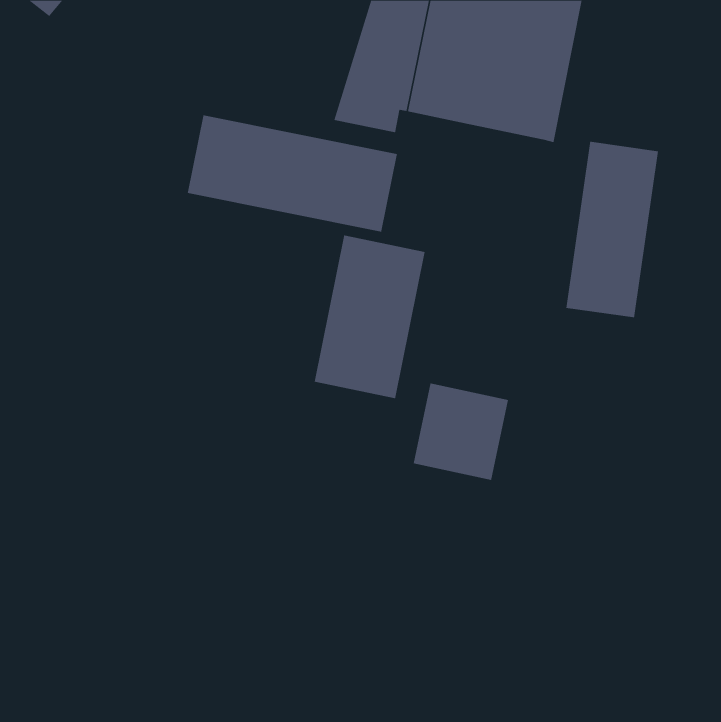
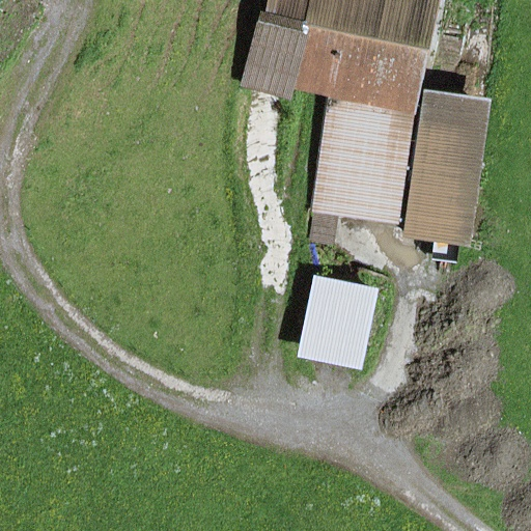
building: [187,114,397,233] -> none
building: [314,235,425,399] -> [316,90,398,211]

